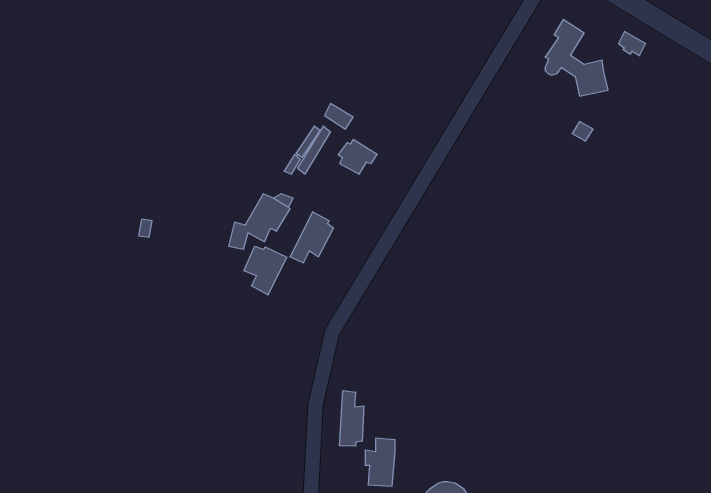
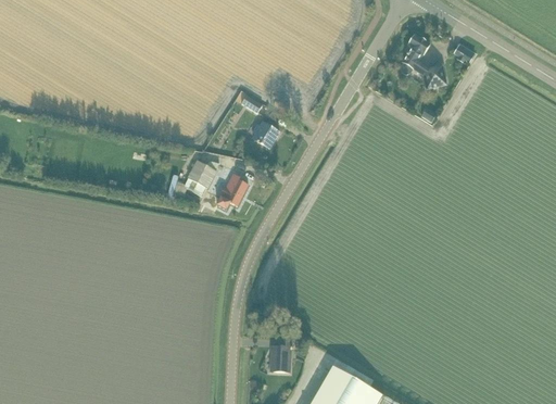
building: [244,246,287,295] -> none
building: [340,391,364,446] -> none

